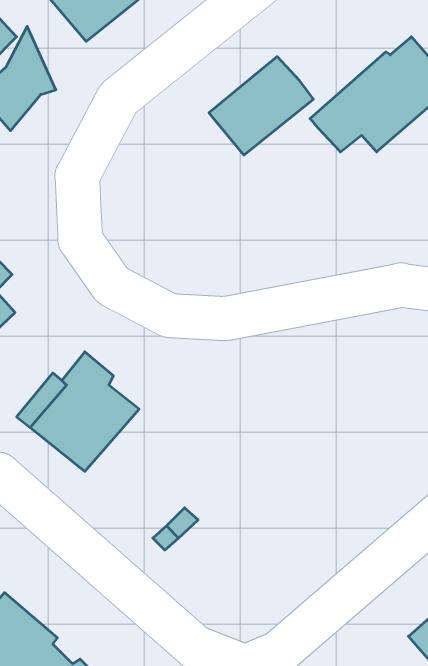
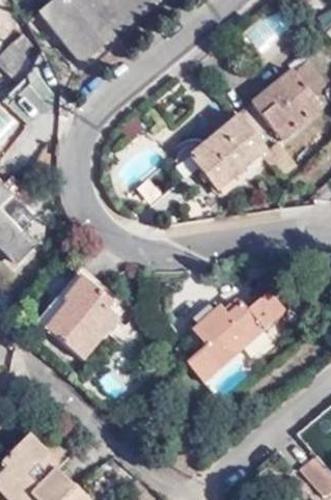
building: [209,57,313,155] -> [195,120,267,188]
building: none -> [173,290,288,381]

